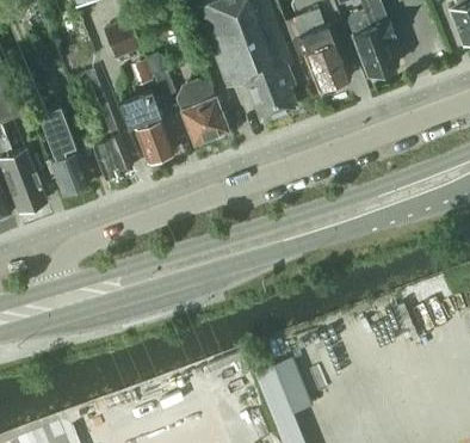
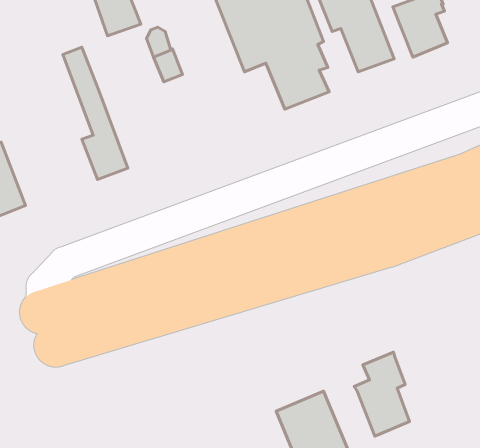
building: [175,81,228,147] -> none
building: [119,91,175,165] -> none
building: [42,109,89,197] -> none
building: none -> [354,352,410,436]

